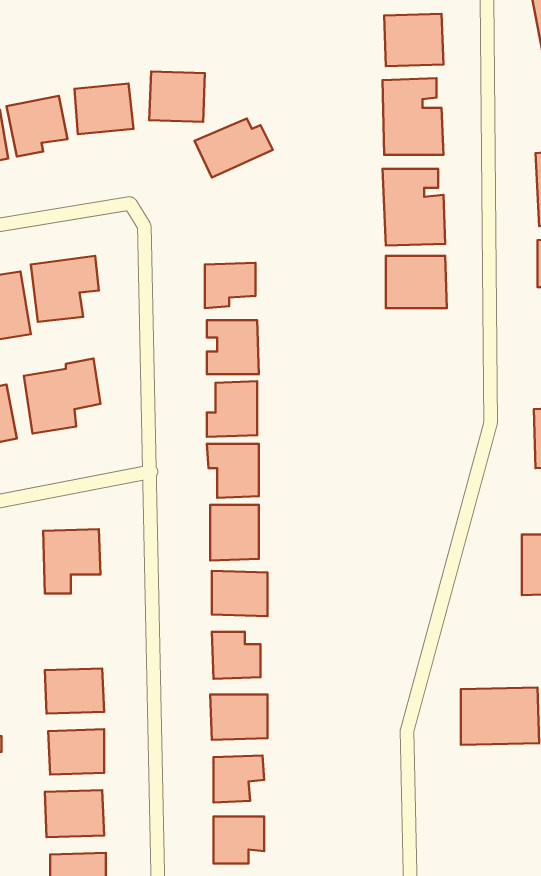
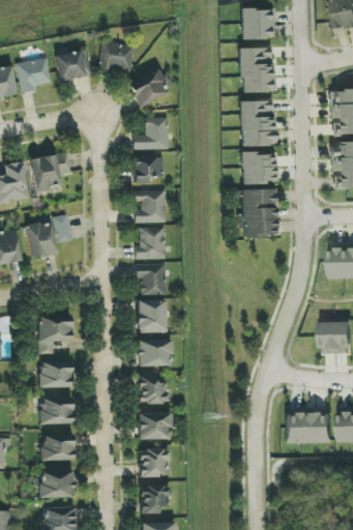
building: none -> [133,117,168,149]
building: none -> [241,188,277,236]
building: none -> [39,361,72,388]

